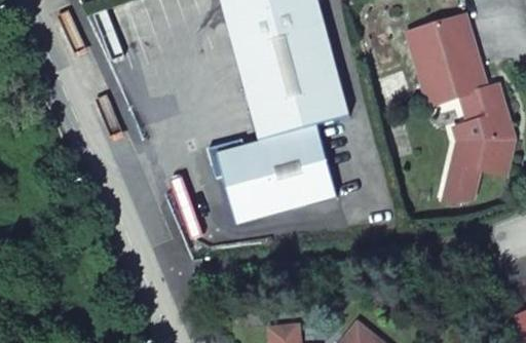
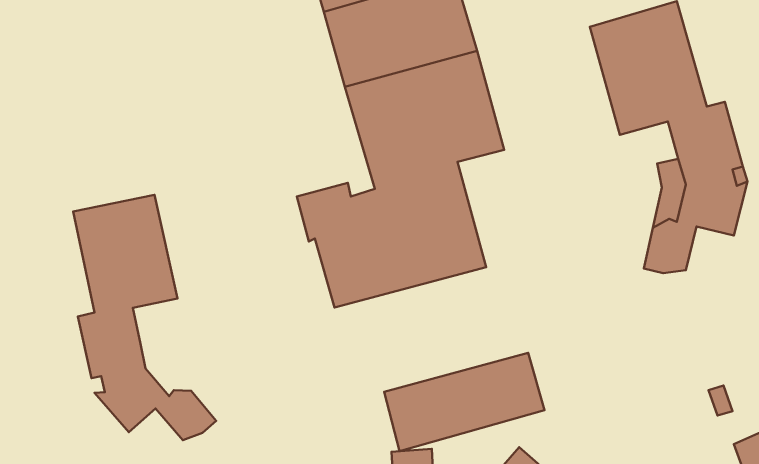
building: none -> [73,195,216,440]
building: none -> [384,353,544,451]

